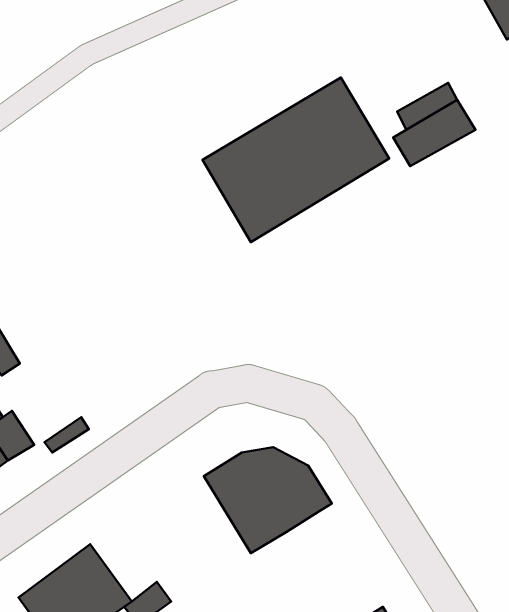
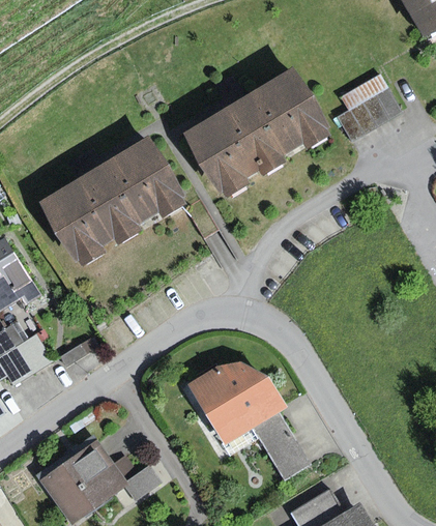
building: none -> [39,135,188,266]
building: none -> [251,412,310,479]

